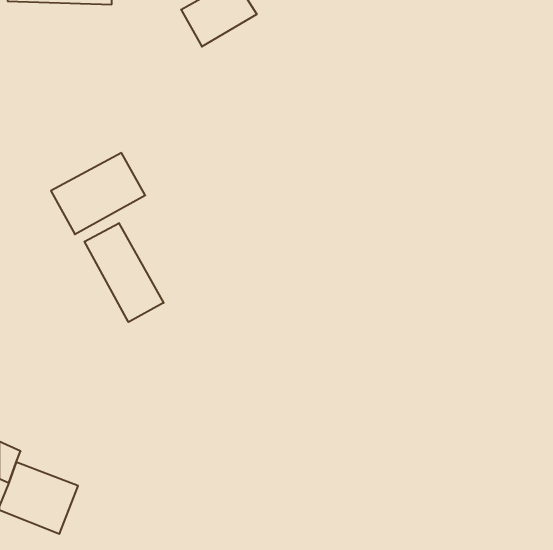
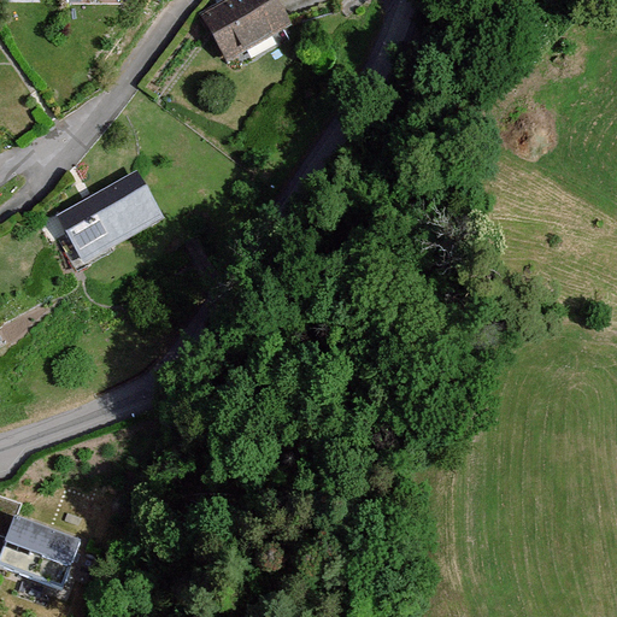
building: [85,223,164,322] -> none

